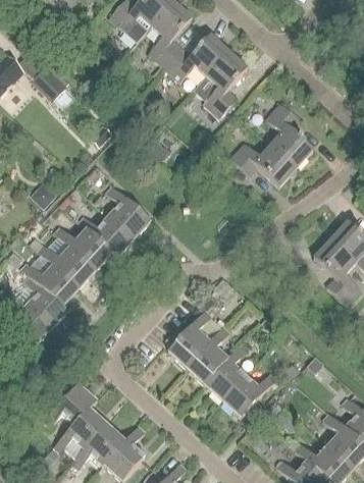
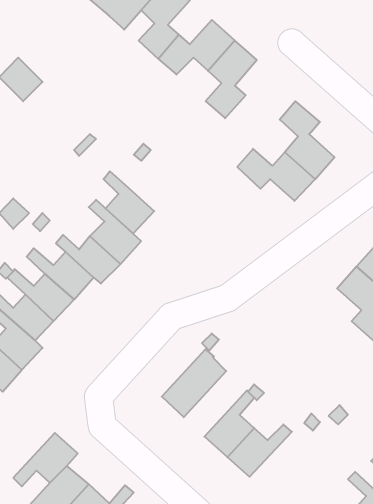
building: none -> [103,171,154,234]
building: [186,327,229,383] -> none

